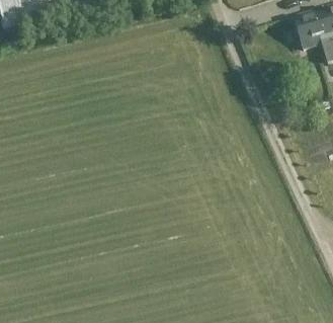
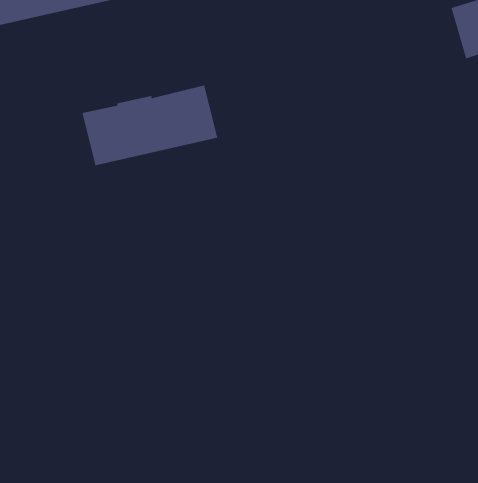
building: none -> [81,84,218,166]

